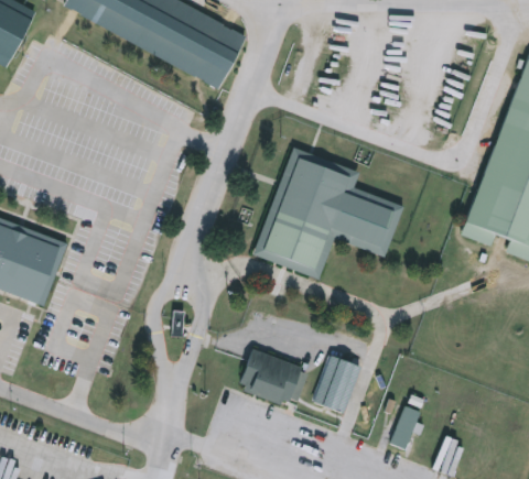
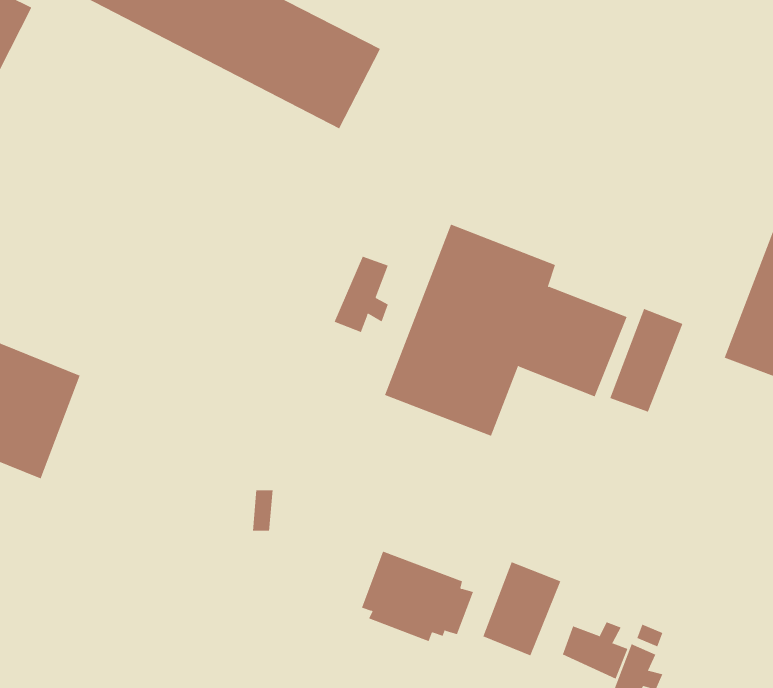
building: none -> [334,256,388,333]
building: none -> [610,308,683,412]
building: none -> [562,622,628,679]

